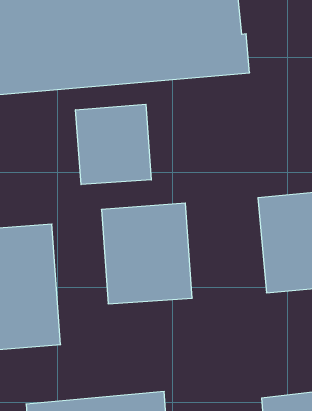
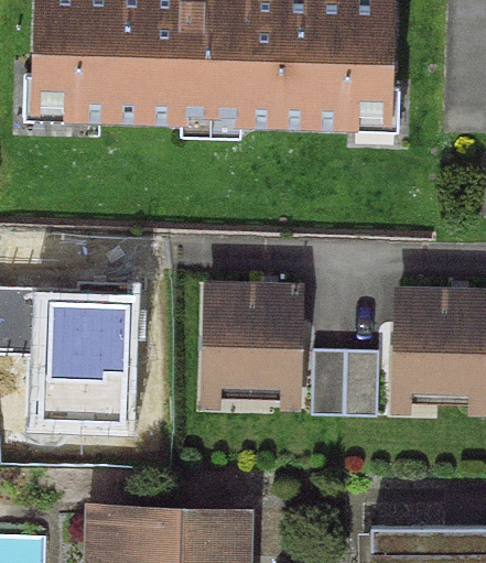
building: [76,104,151,185] -> none
building: none -> [311,349,378,415]

